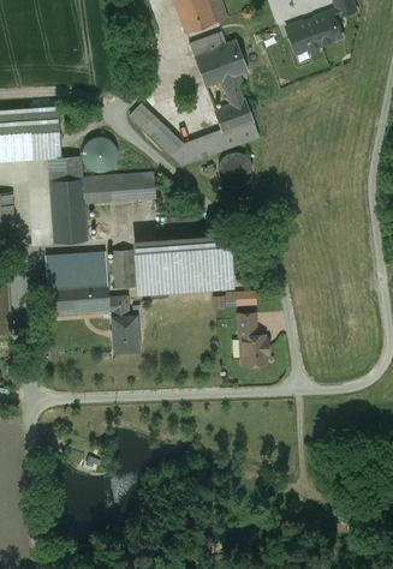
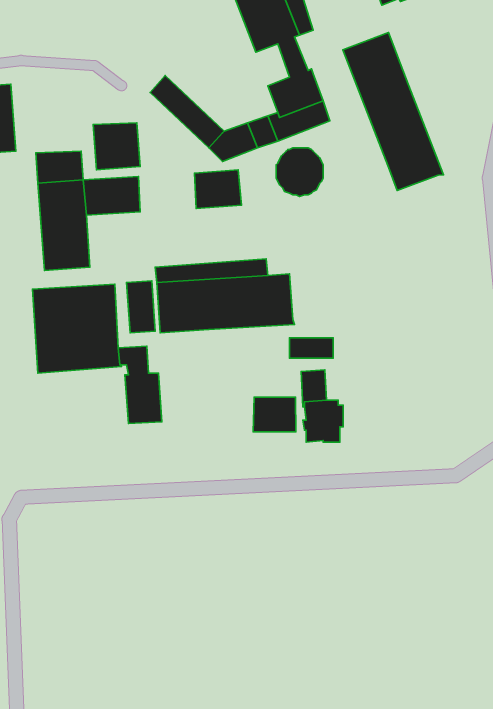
building: none -> [343,33,443,191]
building: [30,108,60,158] -> none
building: [121,174,155,202] -> [195,170,242,209]
building: none -> [253,397,296,432]

